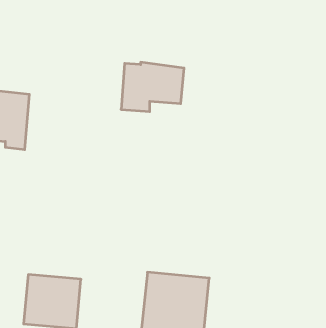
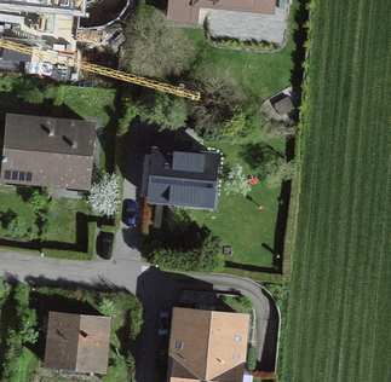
building: [121,62,184,112] -> [149,149,215,201]
building: none -> [47,123,92,185]

